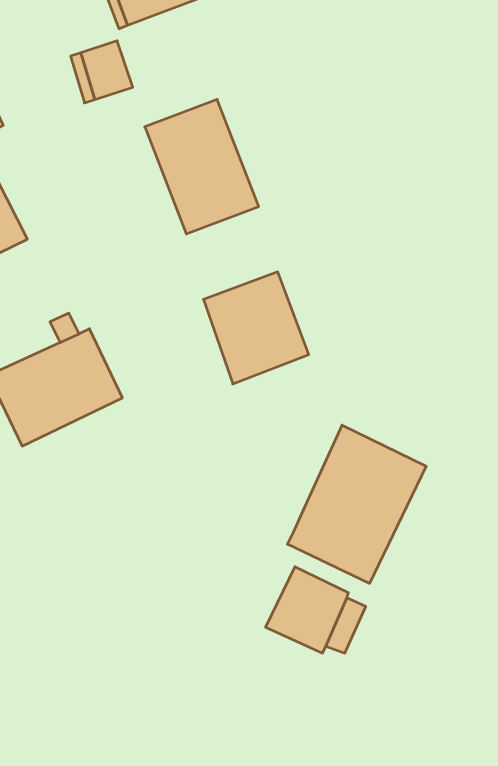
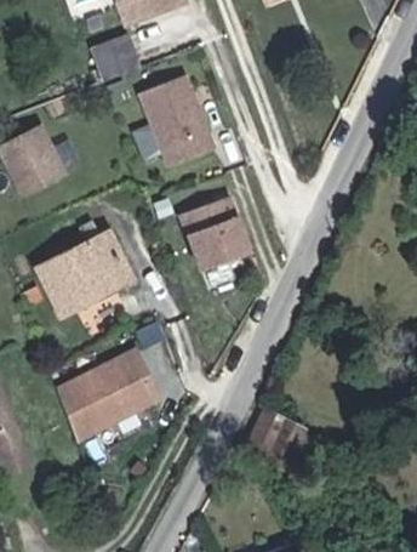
building: [287,425,426,583] -> none
building: none -> [62,342,175,438]

